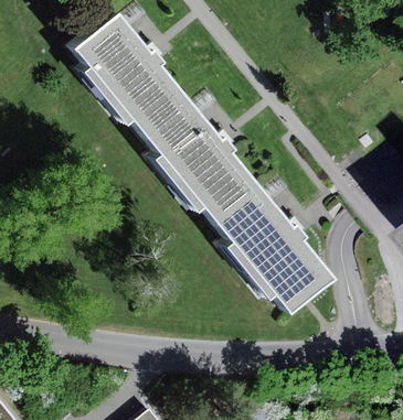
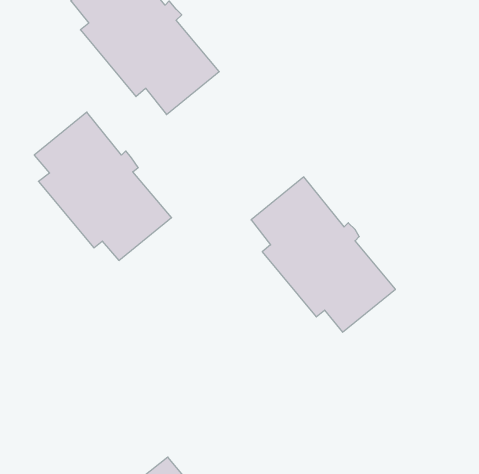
building: [147,99,256,217] -> [34,112,172,260]

